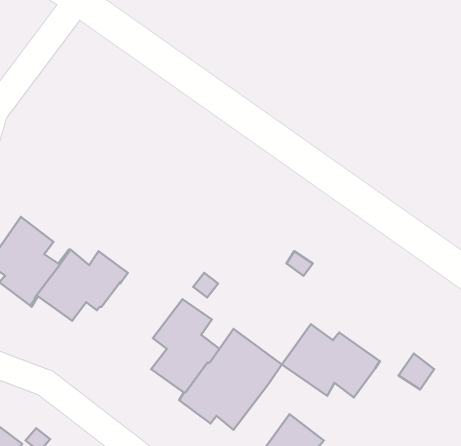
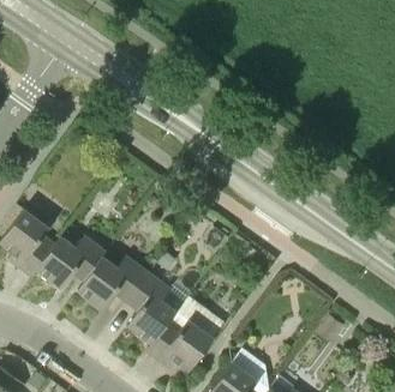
building: none -> [78,252,149,309]
building: [282,324,380,397] -> none

